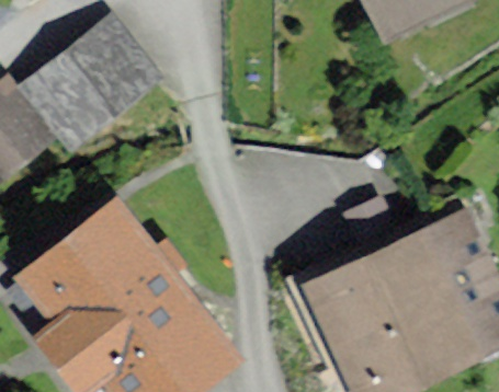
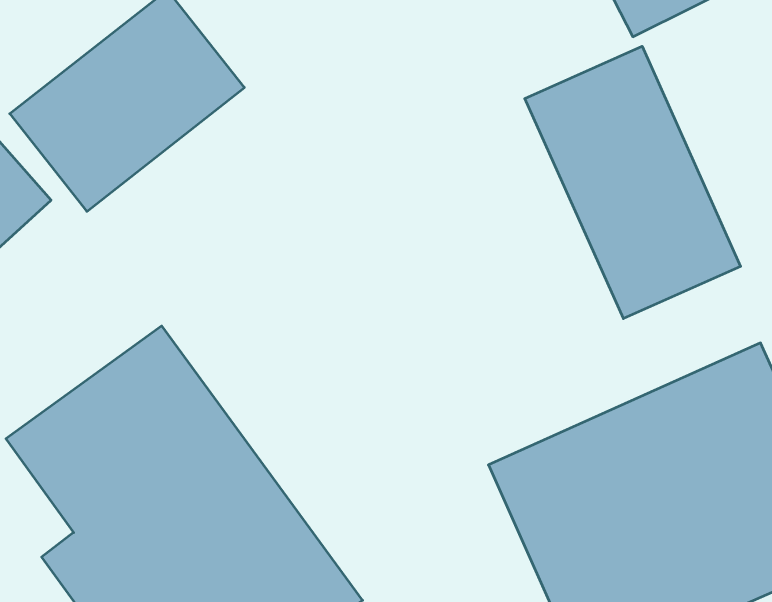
building: none -> [525,46,741,319]

